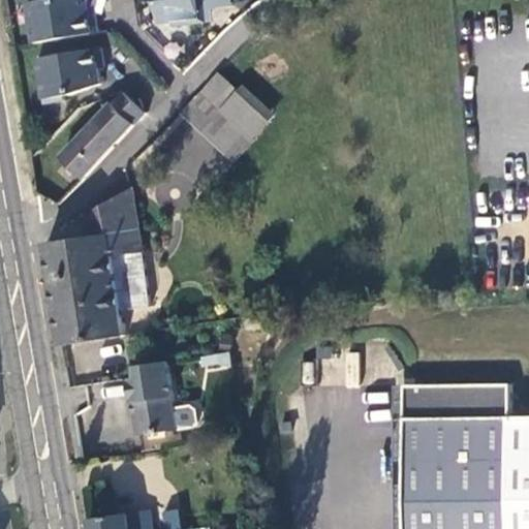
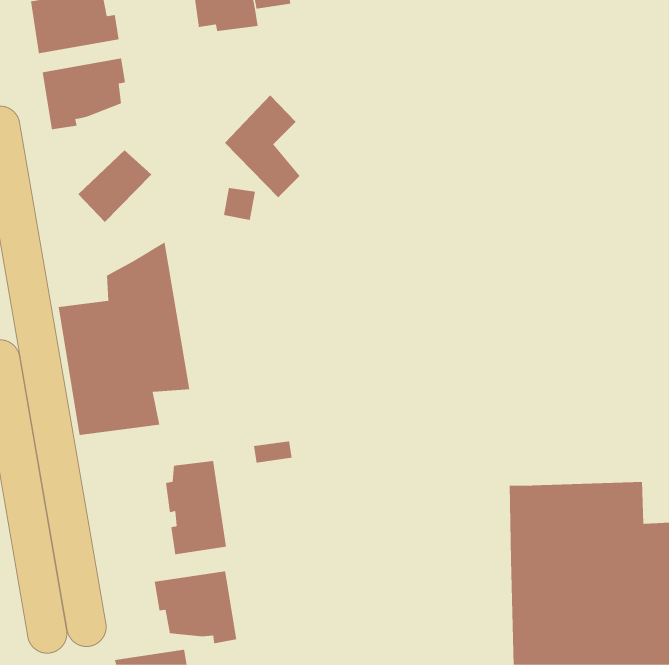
building: [217,90,270,164] -> none
building: [99,94,144,137] -> none
building: none -> [154,571,237,644]

